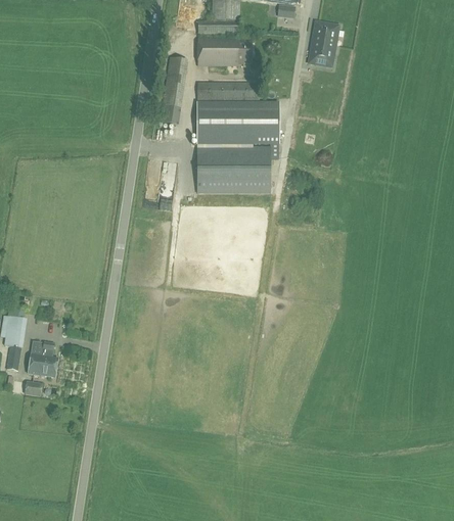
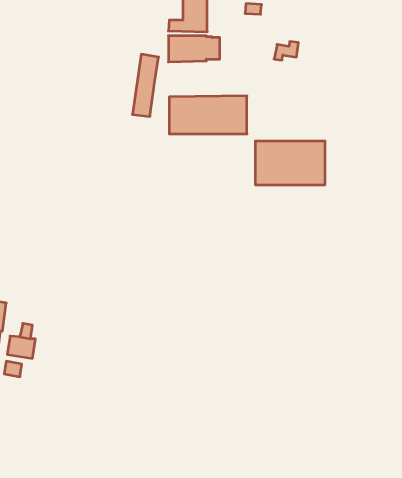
building: [313,21,337,45] -> none
building: [197,82,259,98] -> none
building: [197,146,271,192] -> [255,141,325,185]

